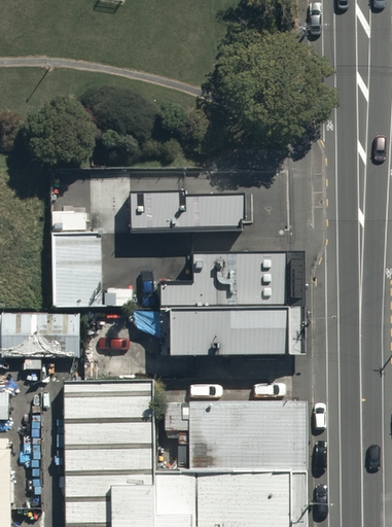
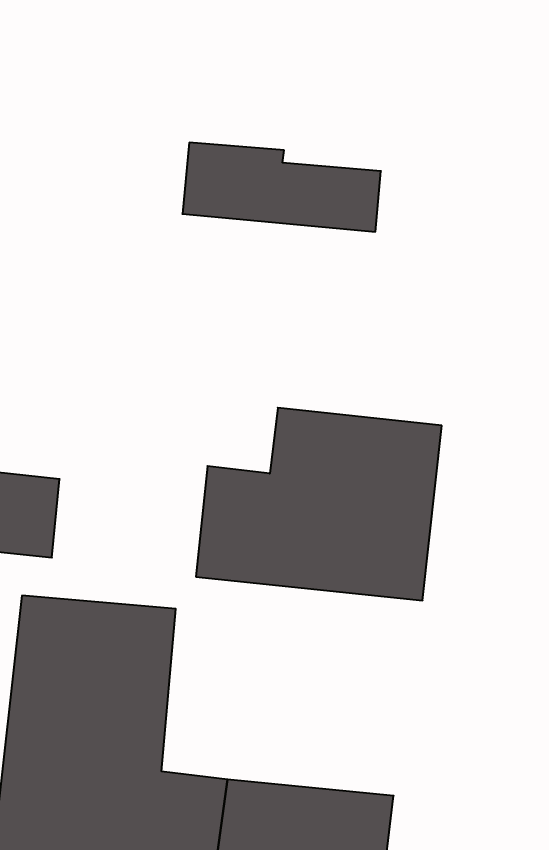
building: [131,190,243,234] -> [182,143,381,232]
building: [49,231,101,307] -> none
building: [187,402,289,469] -> none

